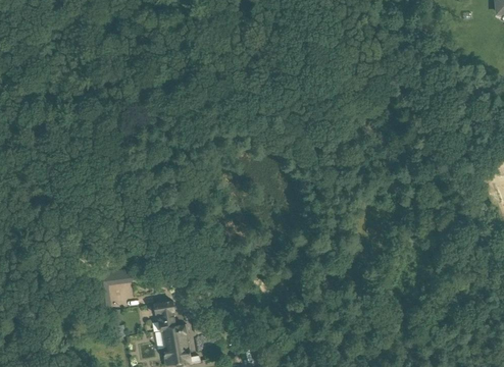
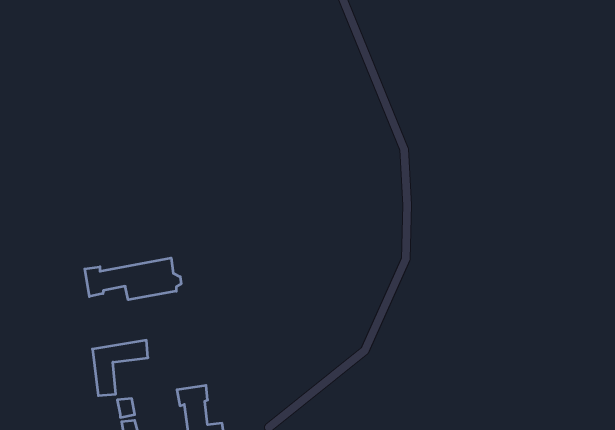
building: none -> [85,258,181,300]

